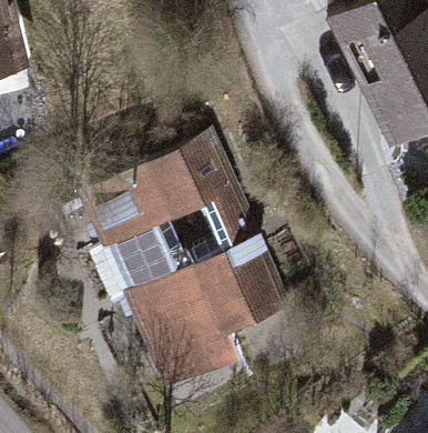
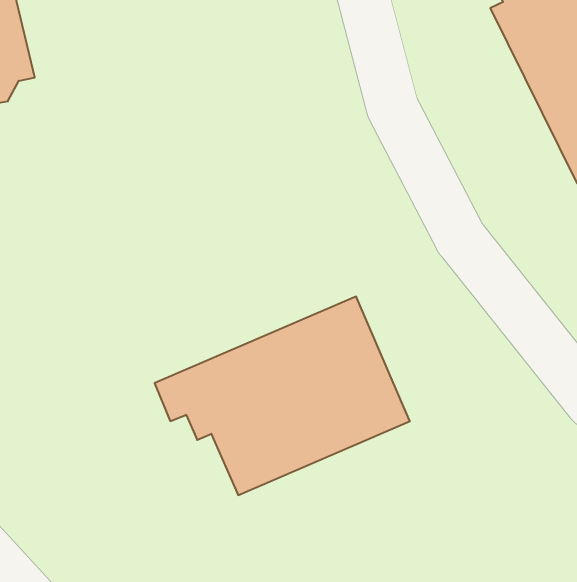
building: [99,145,253,282] -> none

